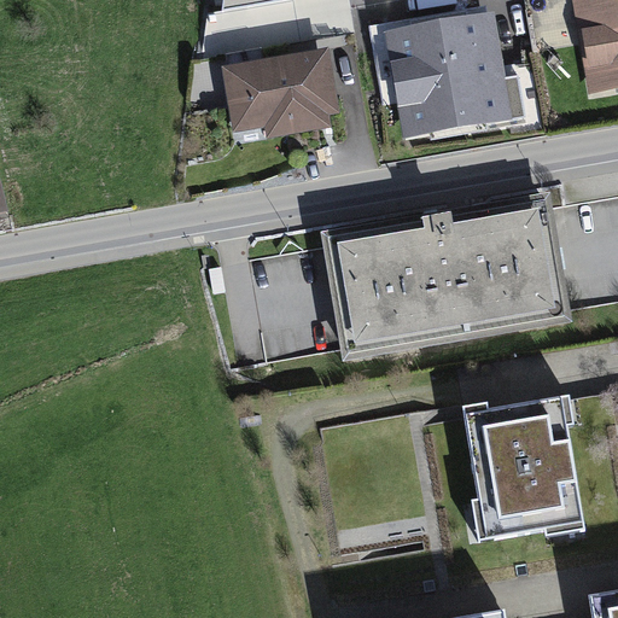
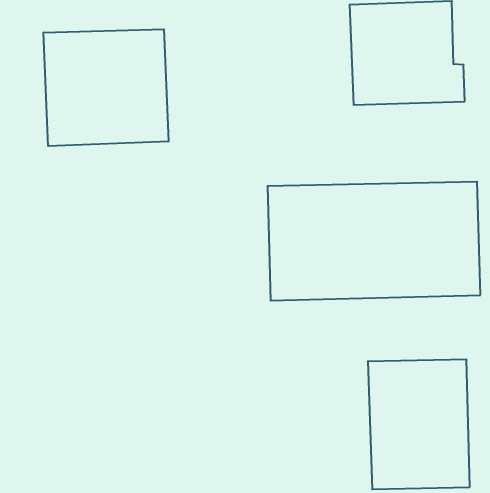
building: [221,45,340,139] -> none
building: none -> [44,29,168,146]

